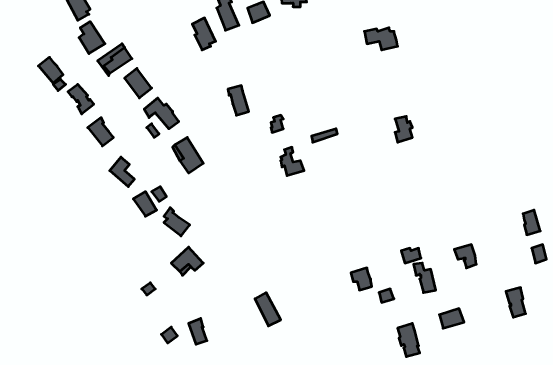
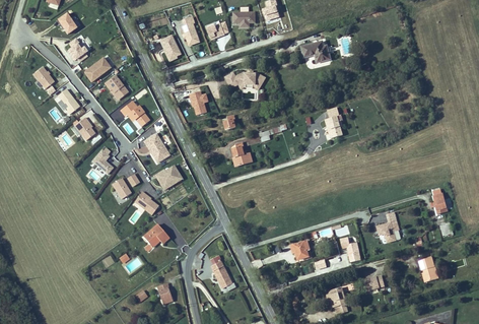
building: none -> [225,70,266,86]
building: none -> [156,169,185,193]

